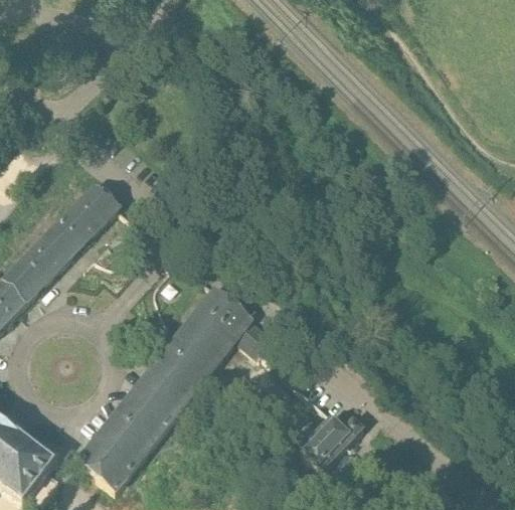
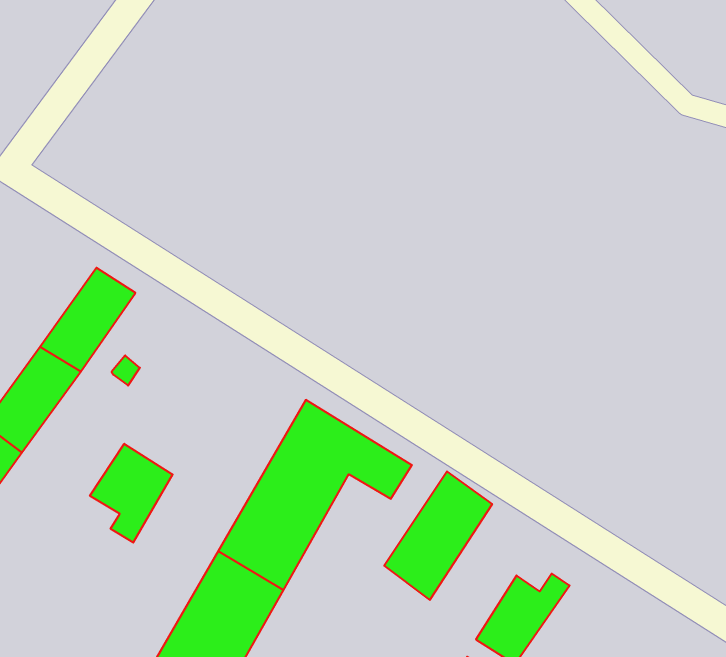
building: none -> [90,444,173,543]
building: none -> [384,471,492,600]

